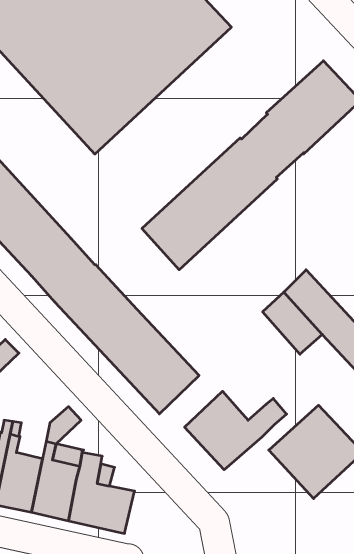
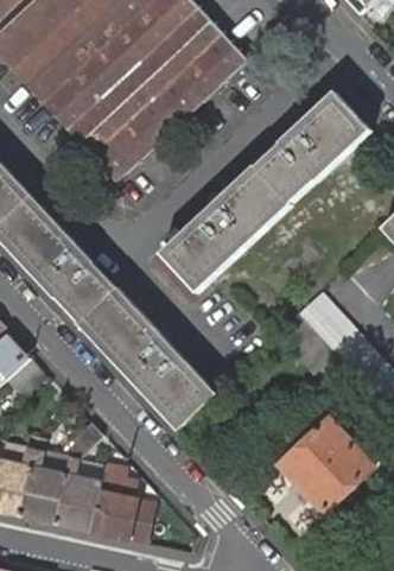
building: [185,391,287,470] -> none

